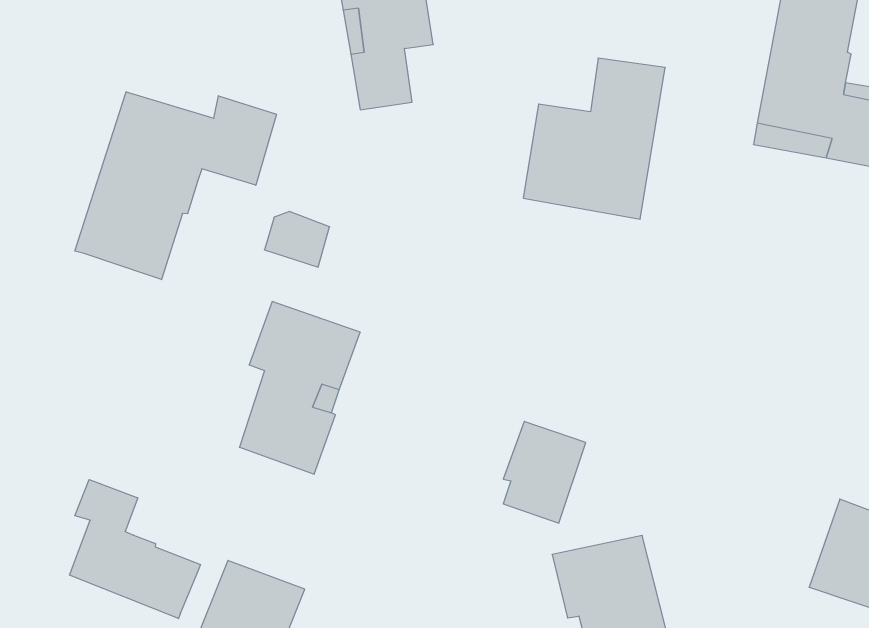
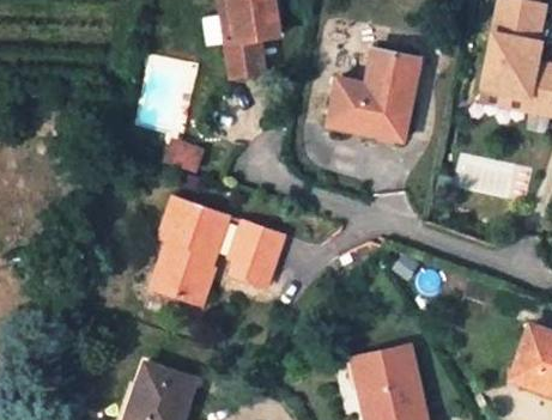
building: [75,92,277,280] -> none
building: [503,421,586,523] -> [233,225,285,288]
building: [70,480,200,619] -> none

